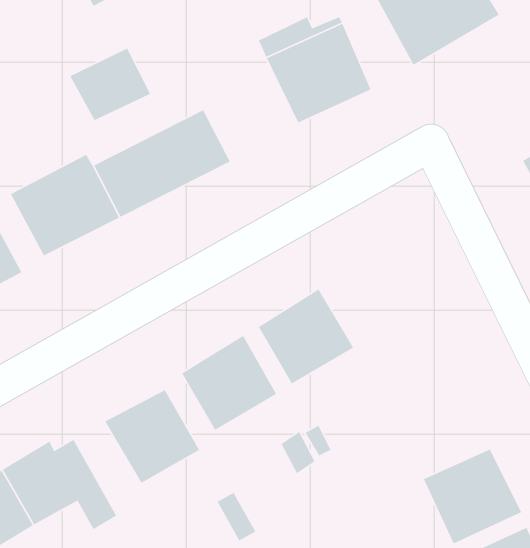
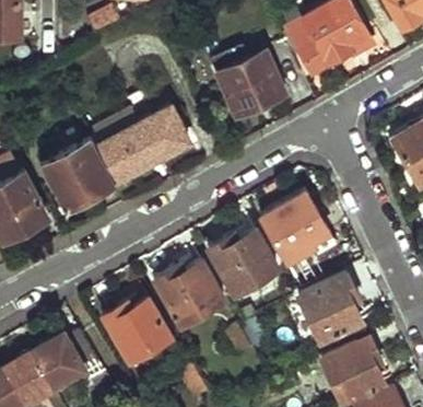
building: [69,47,151,121] -> none
building: none -> [260,195,326,260]
building: none -> [296,276,363,339]

